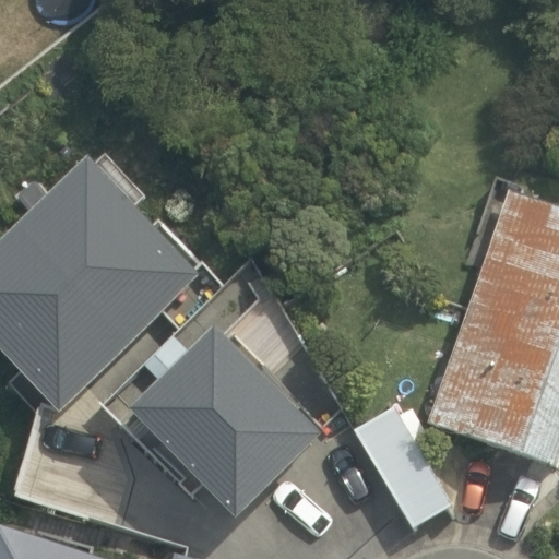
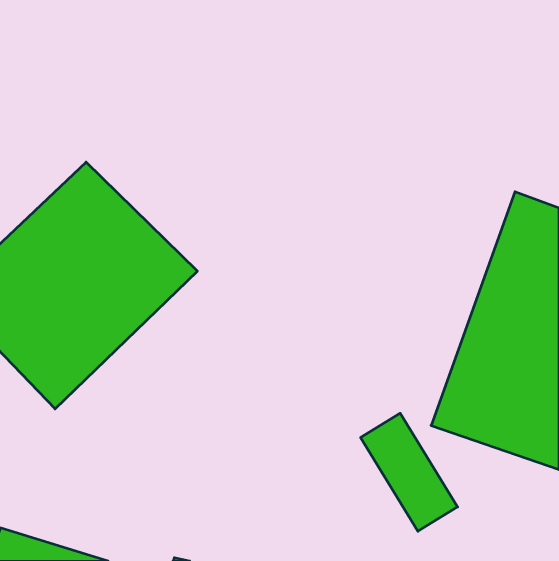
building: [132,324,326,521] -> none

